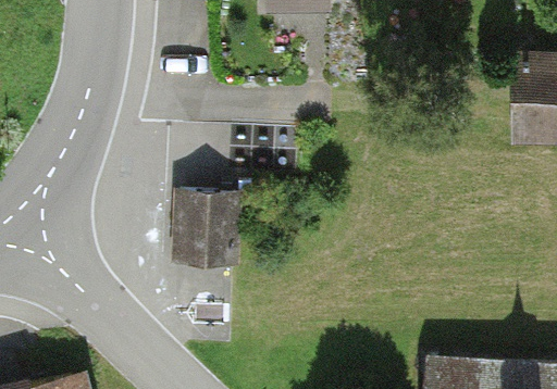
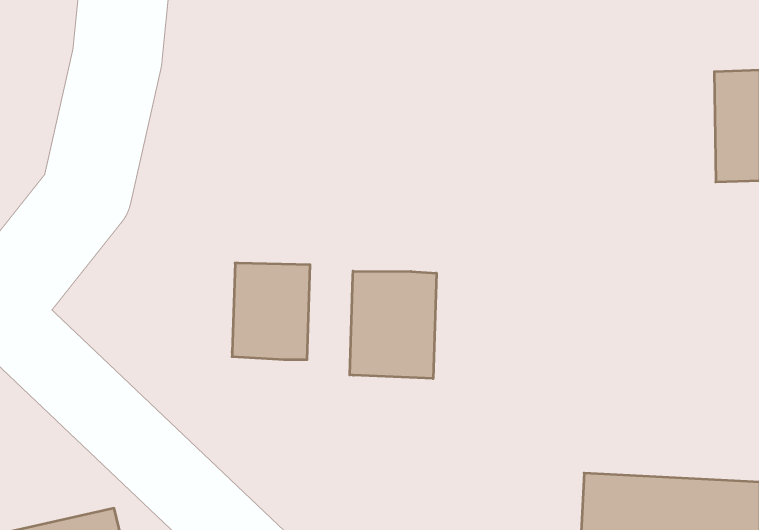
building: none -> [350,271,436,379]

